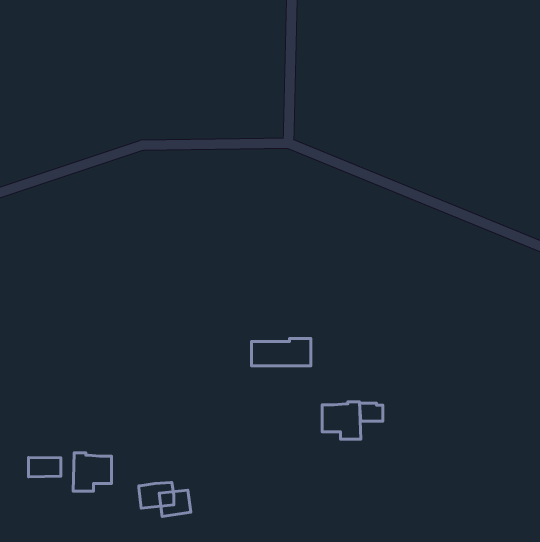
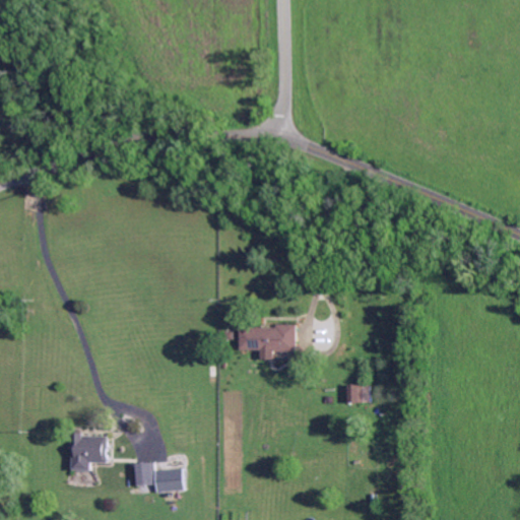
building: [322,402,361,439] -> none
building: [28,458,61,477] -> none

